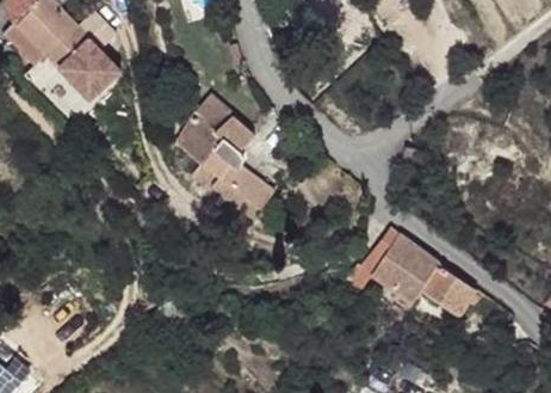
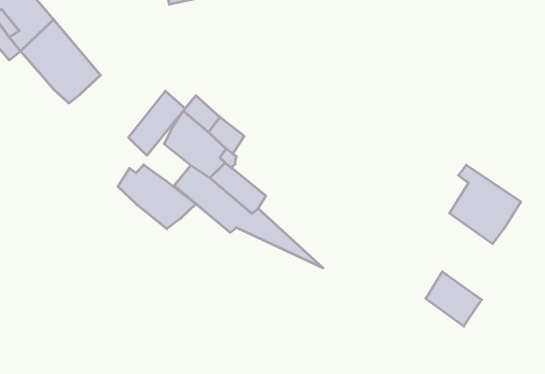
building: none -> [129,91,185,155]
building: none -> [118,165,196,229]
building: [372,227,439,301] -> [450,165,521,244]

